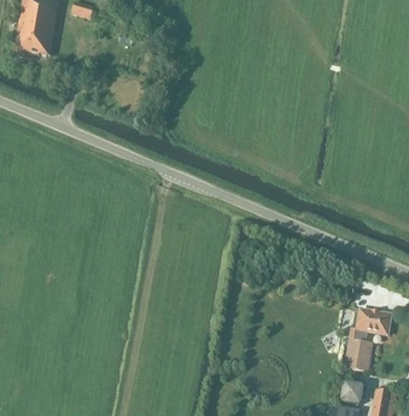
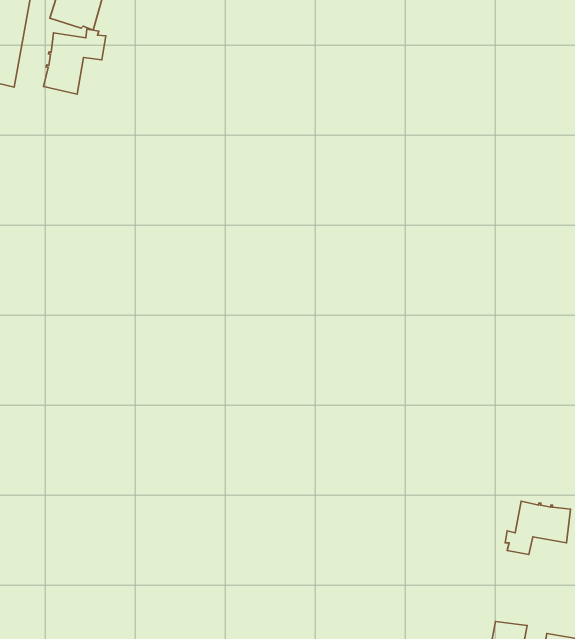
building: none -> [44,29,106,94]
building: [345,338,372,370] -> none

